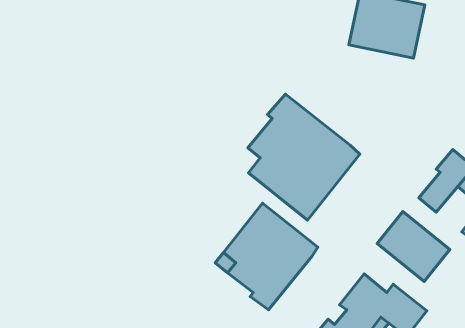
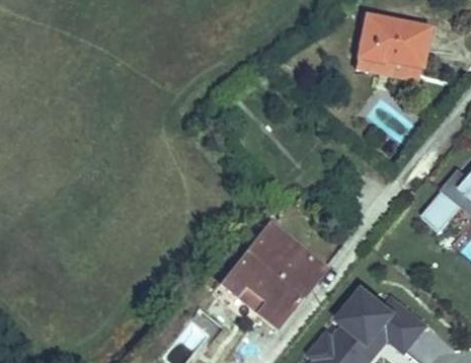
building: [248,94,360,220] -> none
building: [377,211,450,282] -> none

